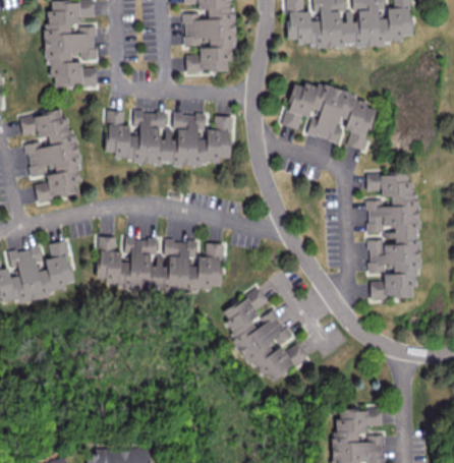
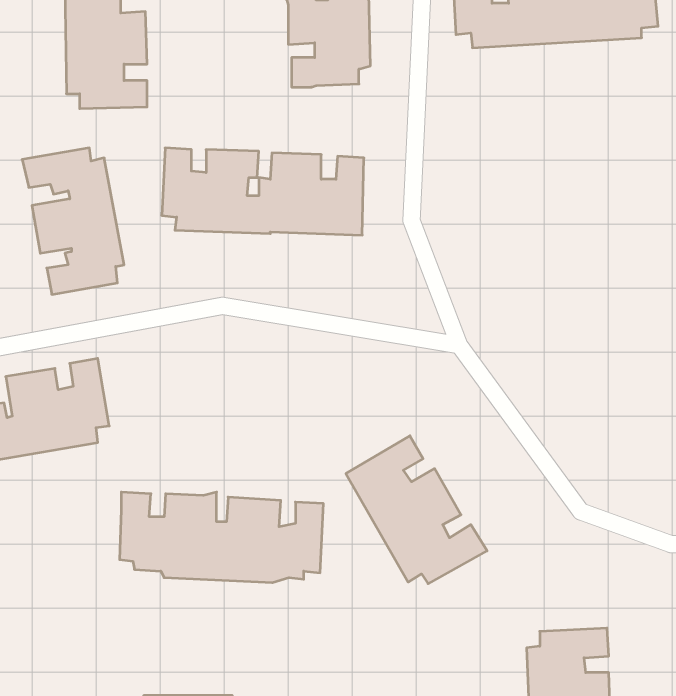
building: [282,81,376,150] -> none
building: [366,174,417,298] -> none
building: [97,236,223,292] -> [120,492,323,583]

